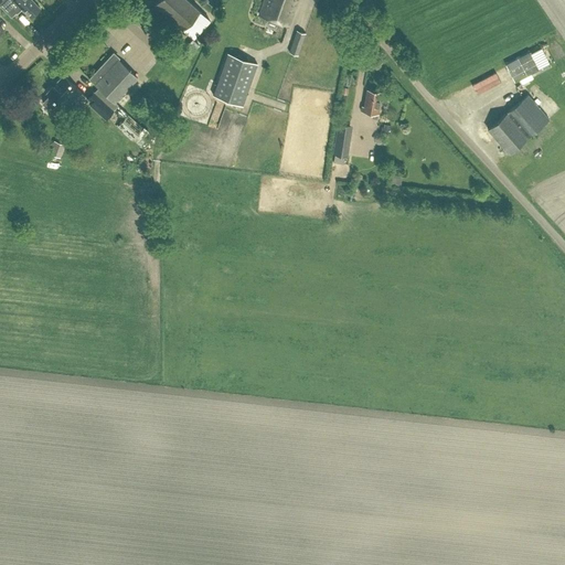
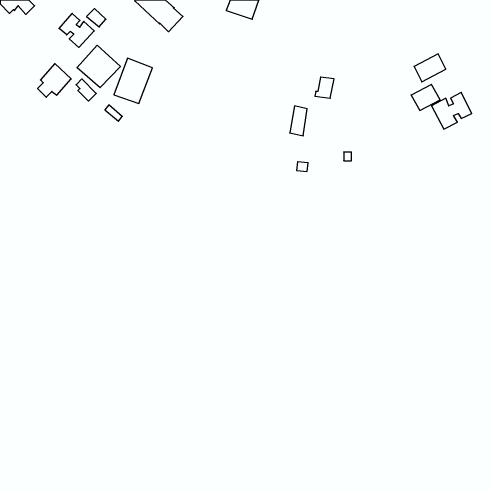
building: none -> [59,13,94,47]
building: [505,52,539,82] -> [411,84,440,110]
building: [213,53,257,105] -> [114,58,152,103]

